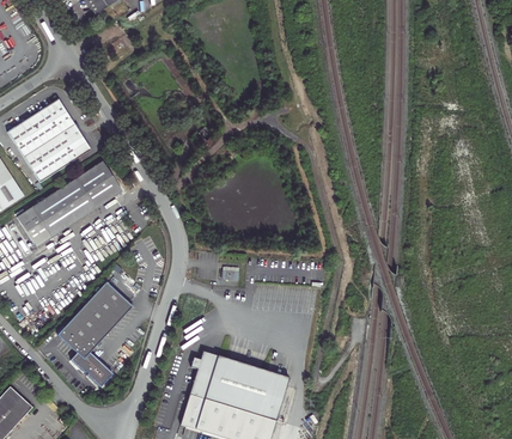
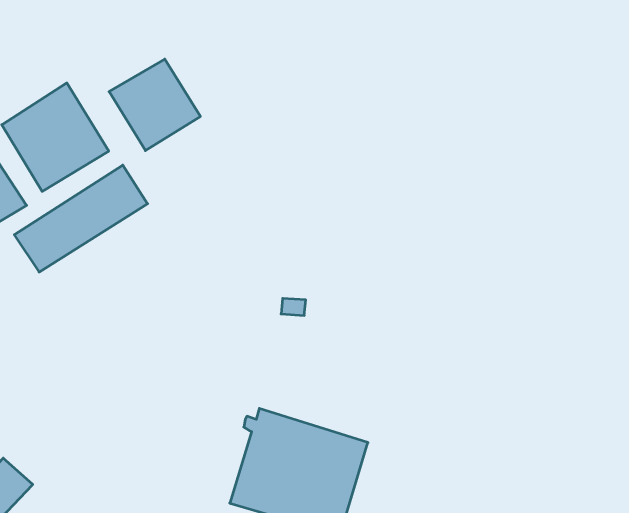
building: none -> [109,59,200,151]
building: [57,280,134,385] -> none

